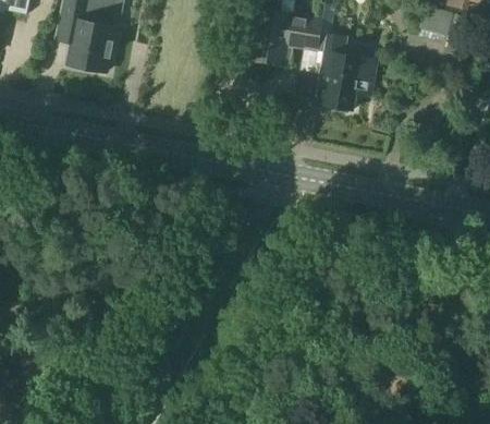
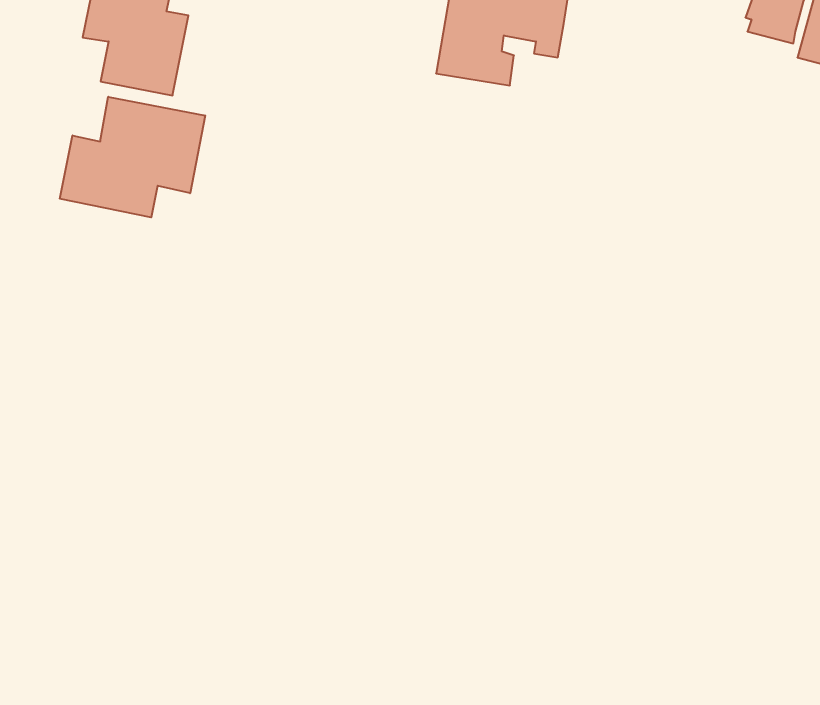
building: [317,31,376,107] -> none
building: none -> [60,97,205,217]

